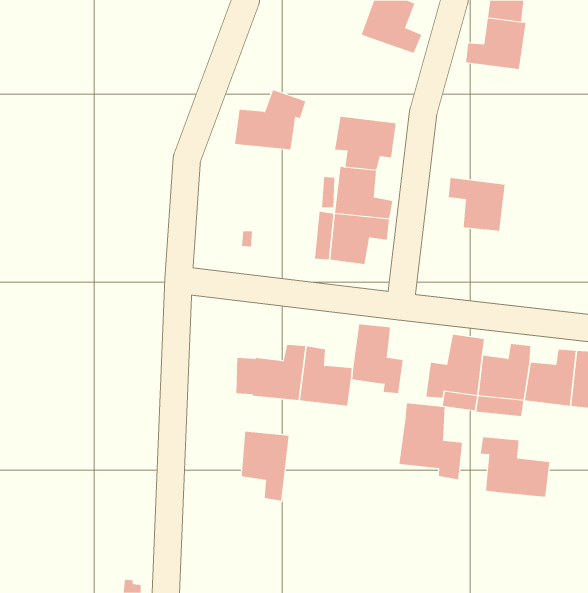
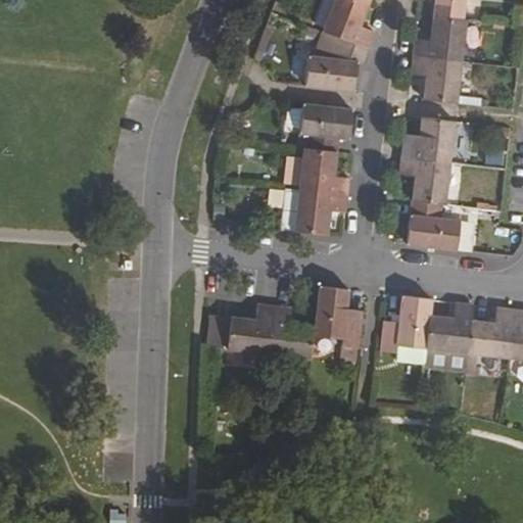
building: none -> [412,55,462,102]
building: [234,90,306,150] -> [305,37,369,90]
building: none -> [400,117,455,162]
building: none -> [407,200,459,249]
building: [399,403,463,480] -> none
building: [241,431,289,502] -> none
building: [480,436,550,498] -> none

